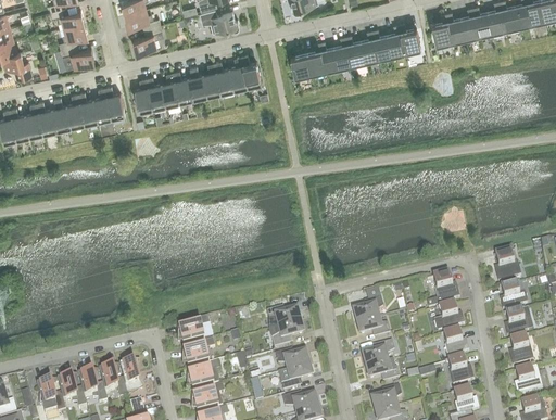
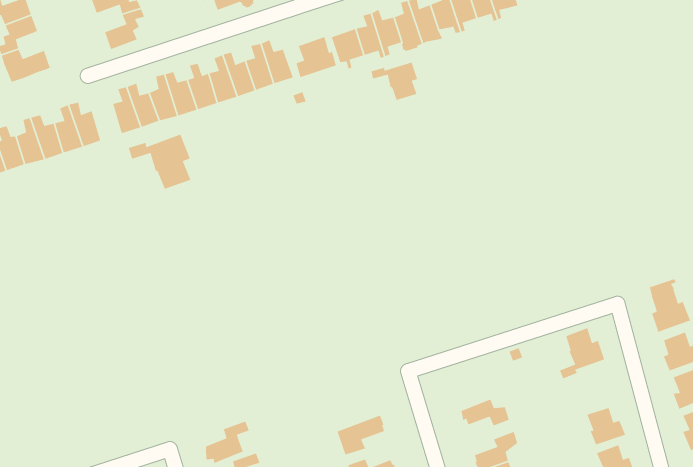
building: none -> [296,35,337,78]
building: none -> [371,62,419,103]
building: none -> [128,134,193,194]
building: [354,288,383,322] -> none
building: [435,302,464,329] -> none
building: [266,306,301,329] -> none

